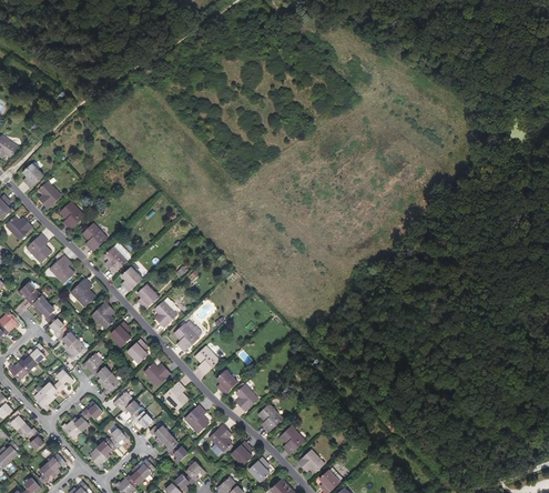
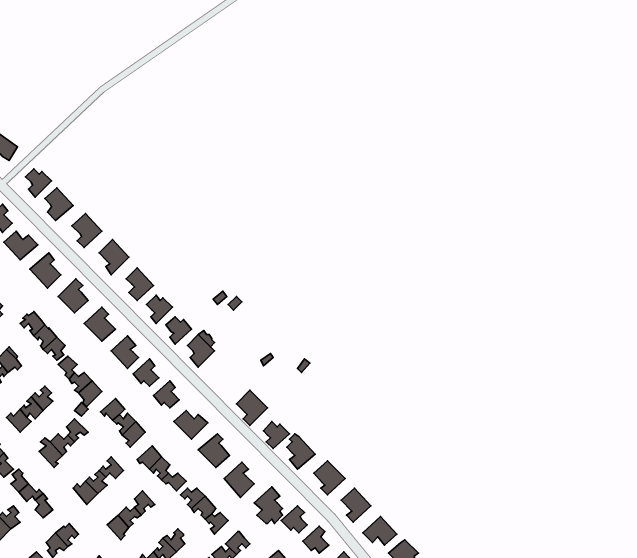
building: [173,320,201,351] -> none

